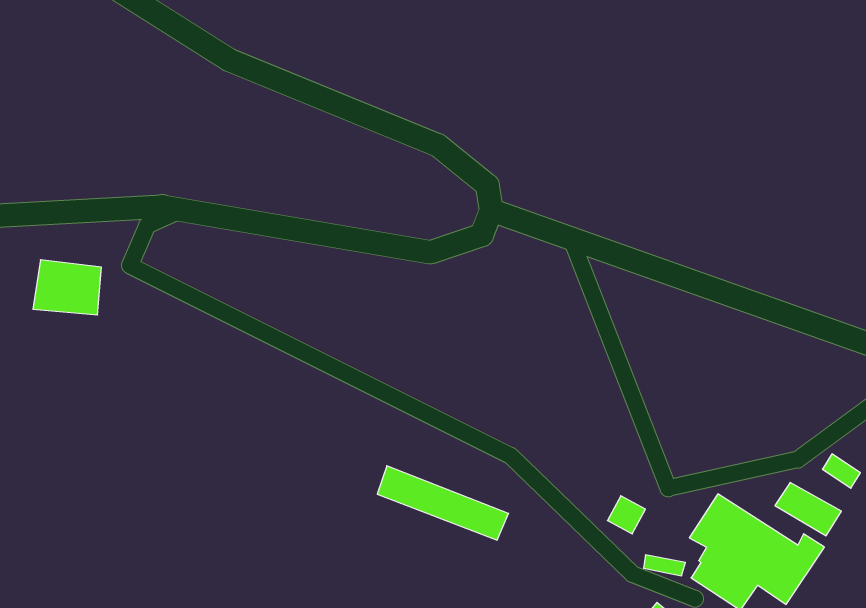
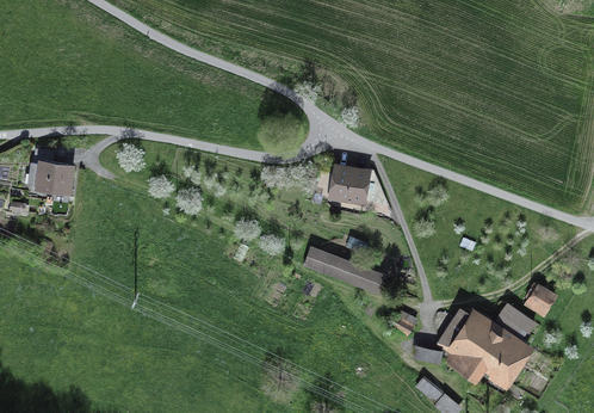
building: none -> [333,168,367,201]
building: [377,466,509,540] -> [305,247,388,294]

